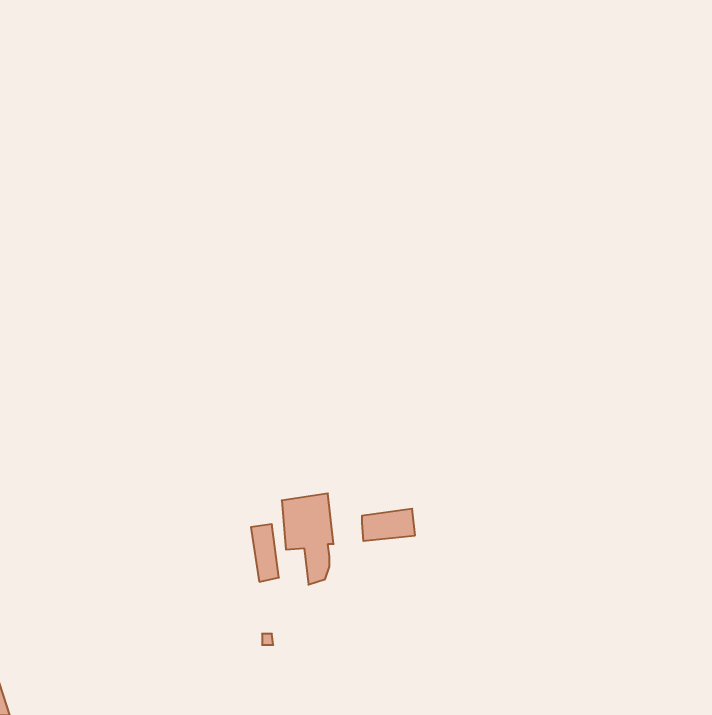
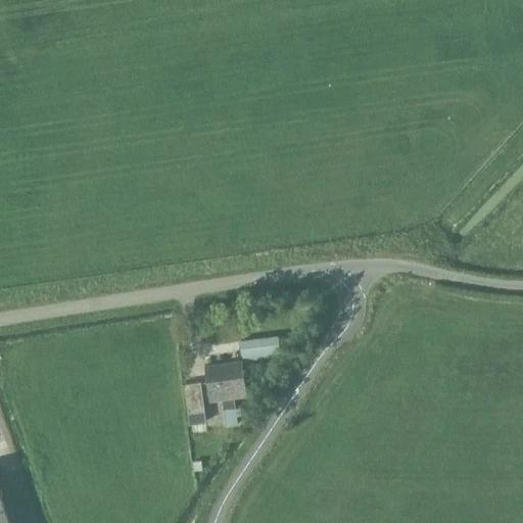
building: [362,509,415,541] -> [240,337,279,361]

